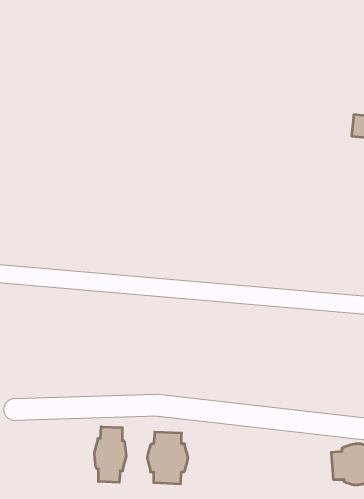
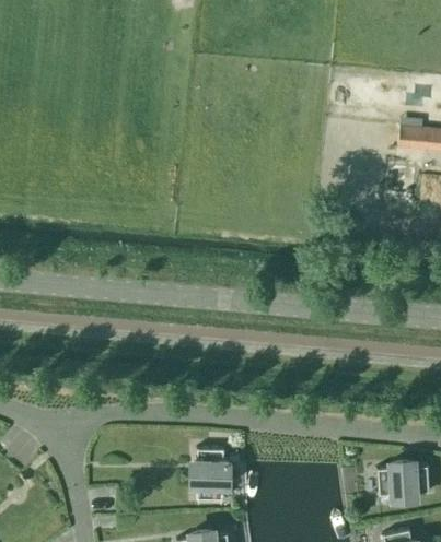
building: [94,427,126,482] -> none

